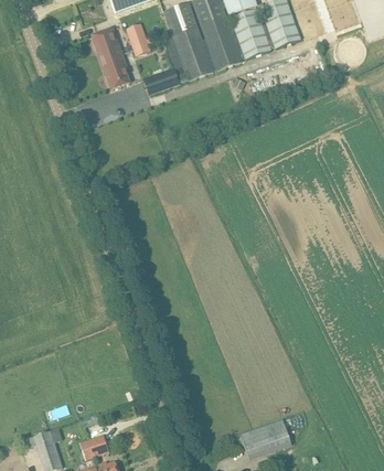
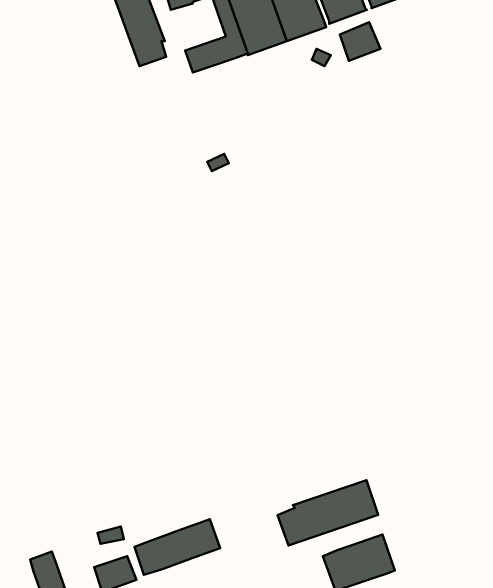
building: none -> [340,22,380,61]
building: none -> [277,480,378,546]
building: none -> [134,519,220,575]

